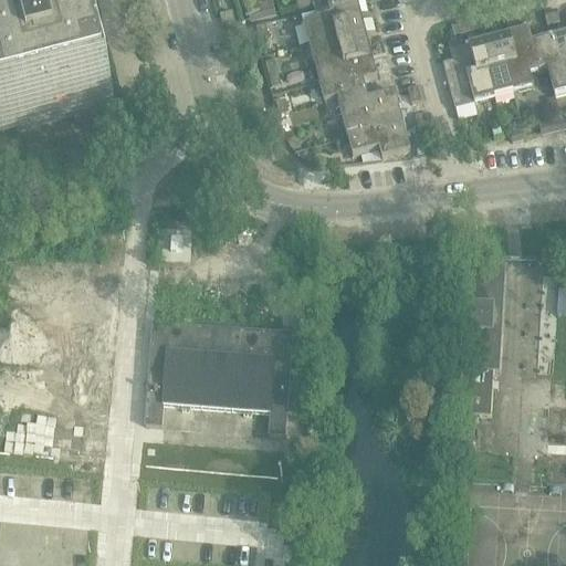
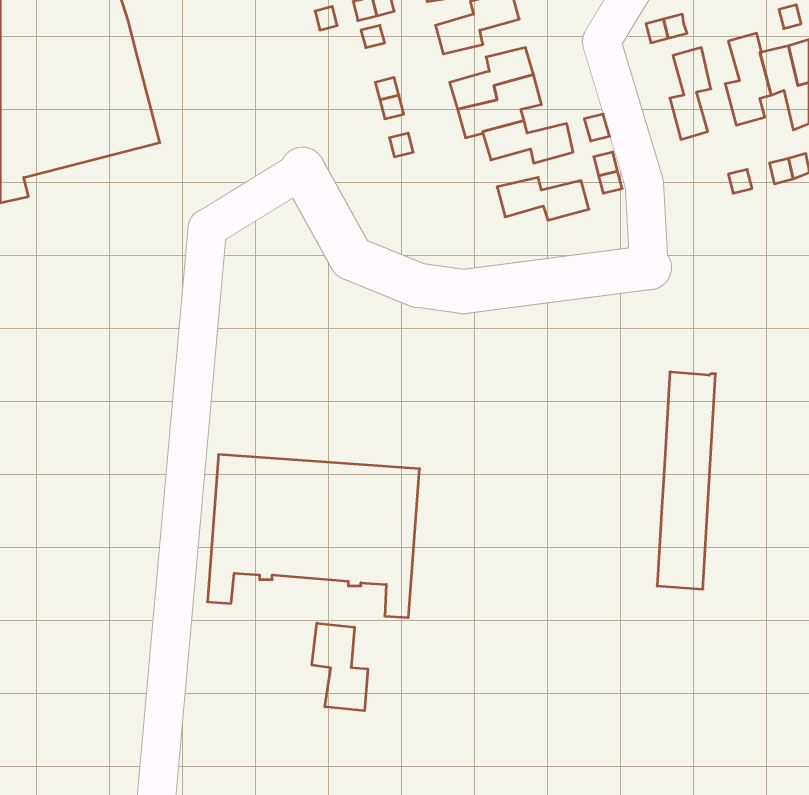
building: [310,13,367,57] -> none
building: [486,29,516,92] -> none
building: [443,39,478,102] -> none
building: [343,104,406,133] -> none
building: none -> [312,623,368,711]

